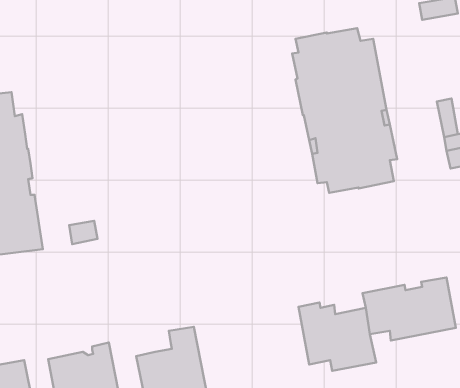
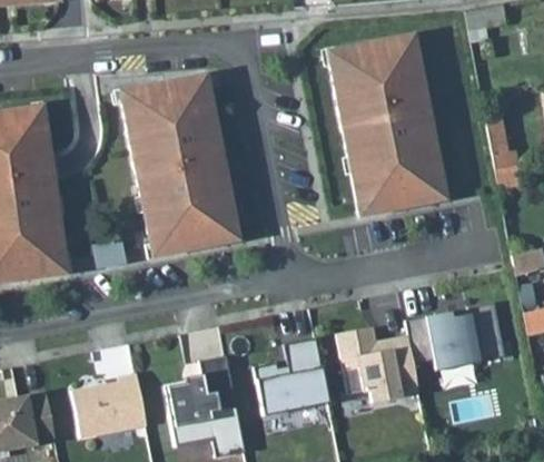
building: none -> [123,79,236,257]
building: none -> [255,338,329,416]

